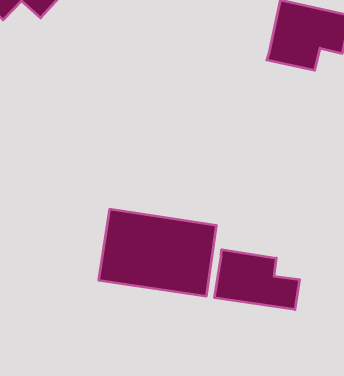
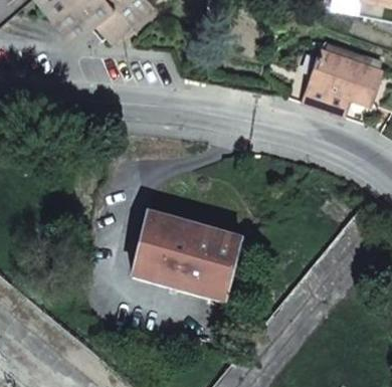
building: [215,250,300,310] -> none

